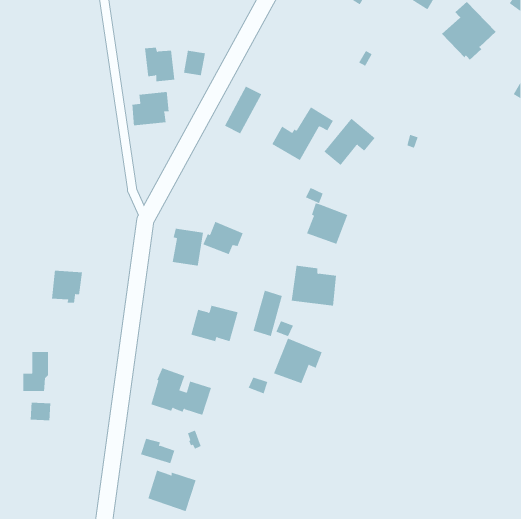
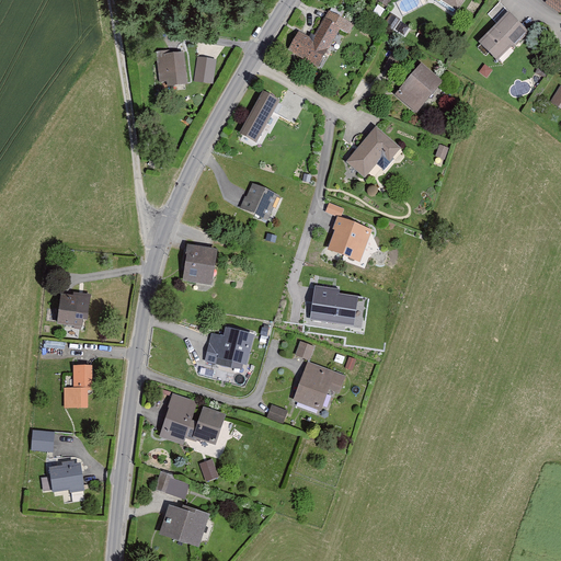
building: none -> [396,65,444,113]
building: [132,91,169,126] -> none
building: [271,106,334,161] -> [287,9,354,67]
building: [202,221,243,255] -> [239,183,283,219]
building: [253,290,282,337] -> none
building: [22,352,49,391] -> [64,364,92,407]
building: none -> [49,459,87,492]

